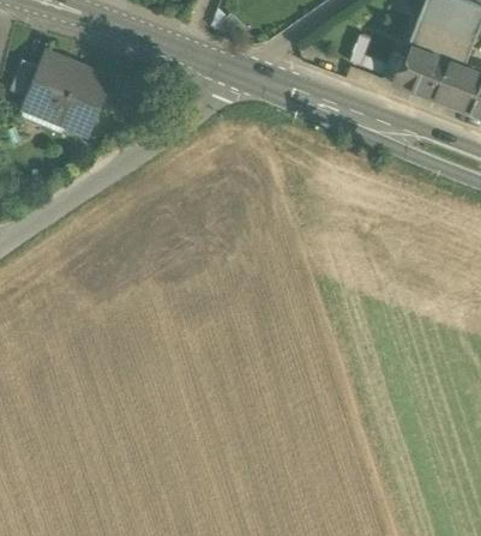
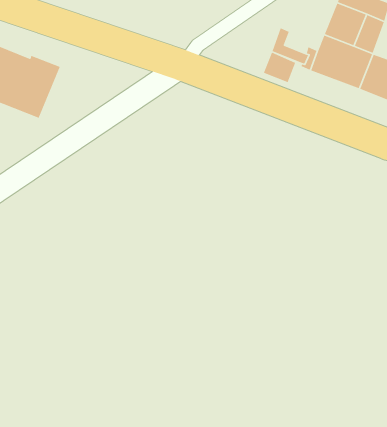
building: none -> [263,52,296,83]

